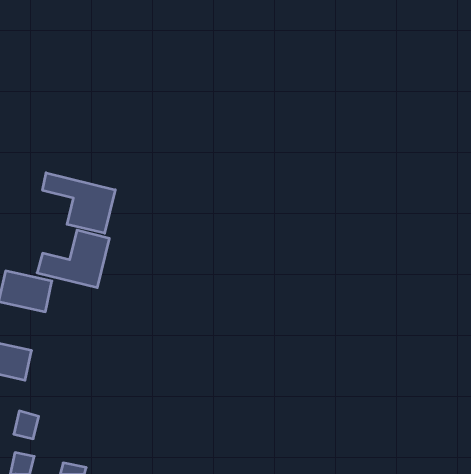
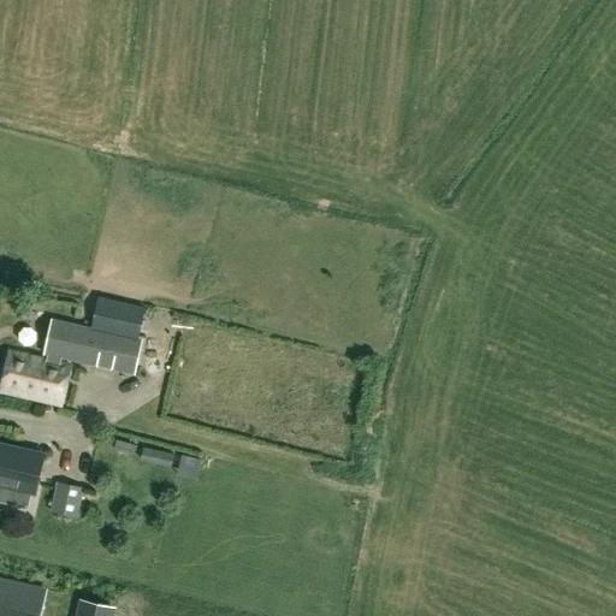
building: [43,173,115,233] -> none
building: [14,411,39,439] -> [48,481,81,517]

